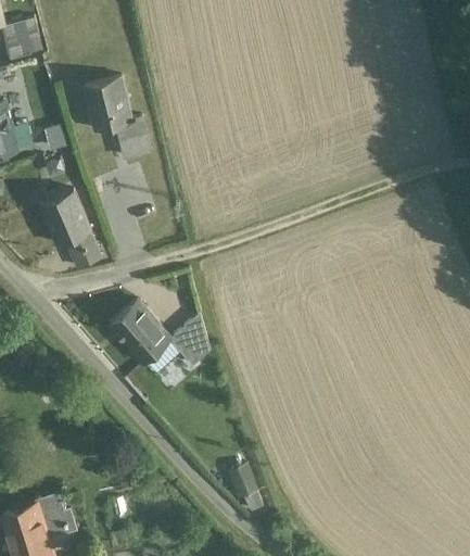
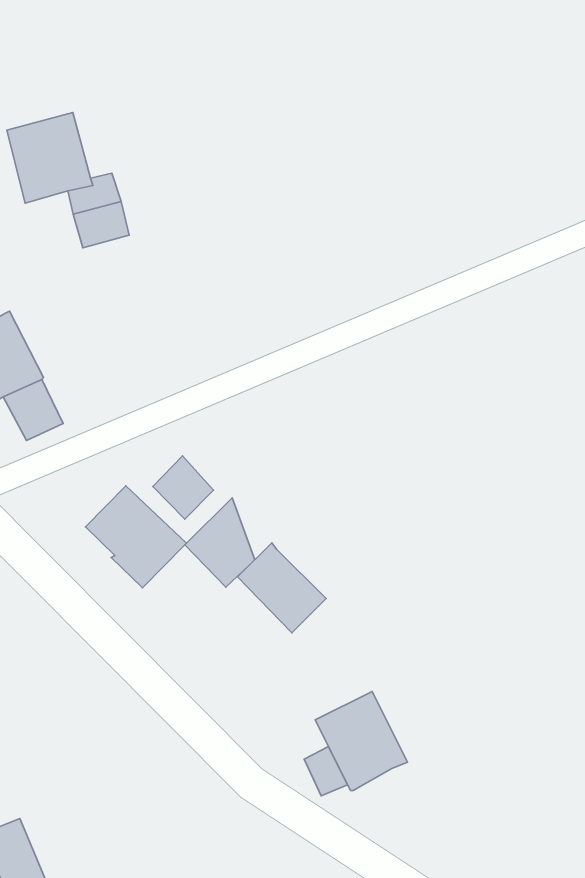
building: none -> [153,456,214,519]
building: none -> [237,543,326,633]
building: none -> [315,691,407,791]

